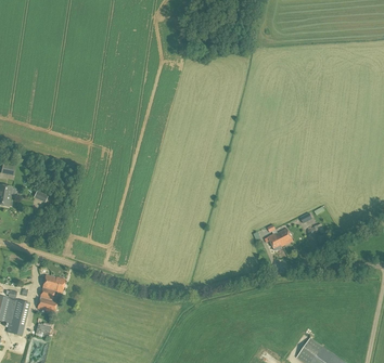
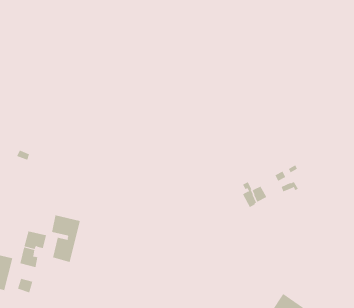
building: none -> [51,215,80,263]

